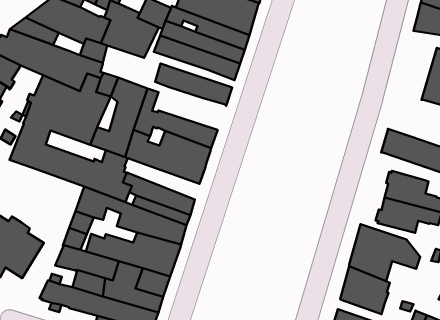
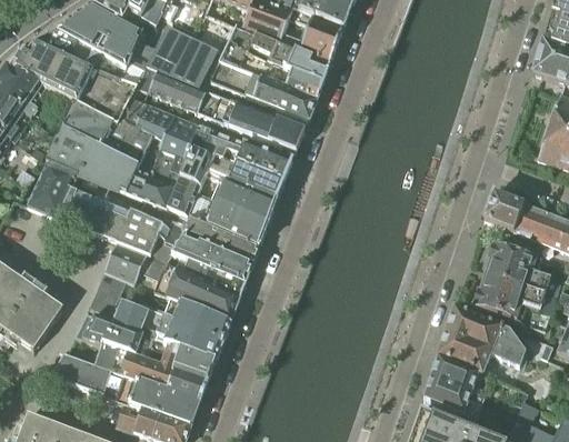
building: none -> [147,68,218,115]
building: none -> [204,129,291,179]
building: none -> [166,215,258,263]

